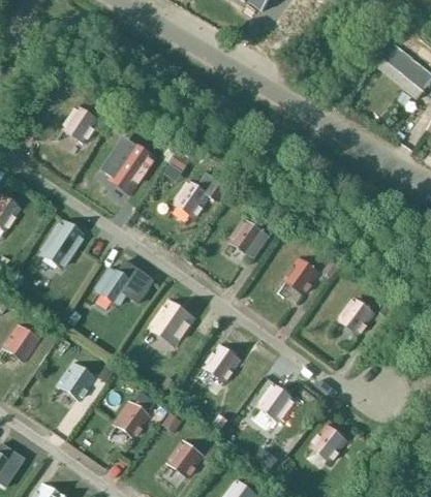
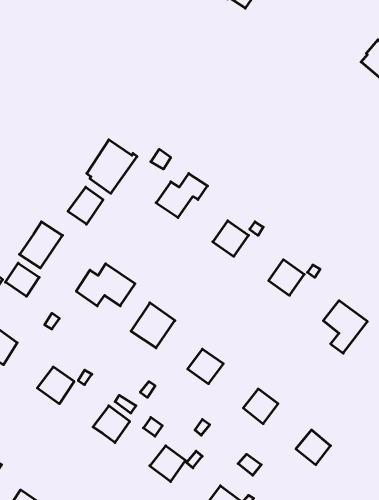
building: [64,107,99,143] -> none
building: none -> [68,187,103,224]
building: none -> [5,263,39,296]

